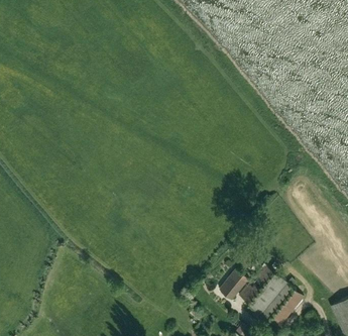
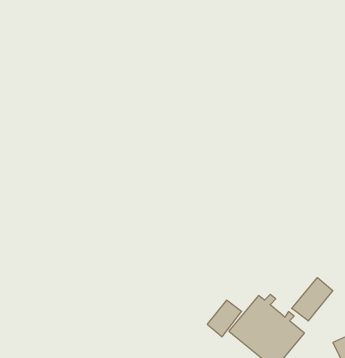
building: none -> [292,278,333,321]

